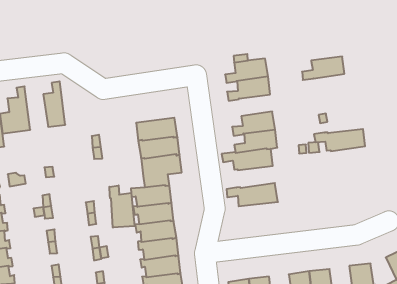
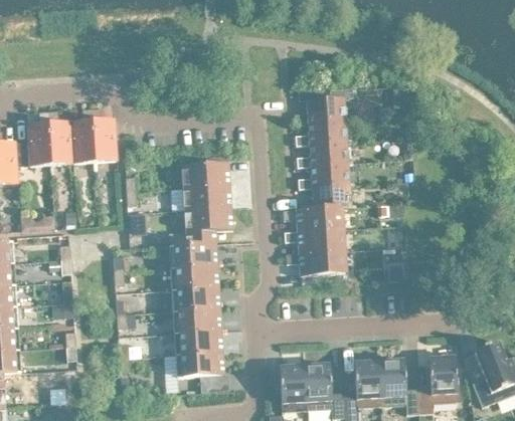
building: [302,57,344,80] -> [296,143,347,168]
building: none -> [91,109,116,162]
building: none -> [47,111,72,165]
building: [314,129,365,151] -> [283,230,344,254]
building: [109,185,134,228] -> none

